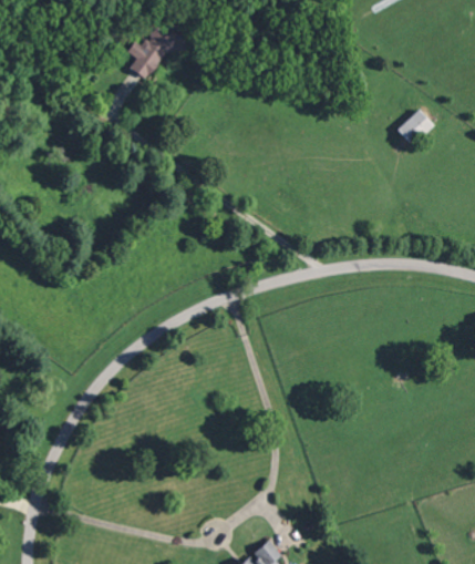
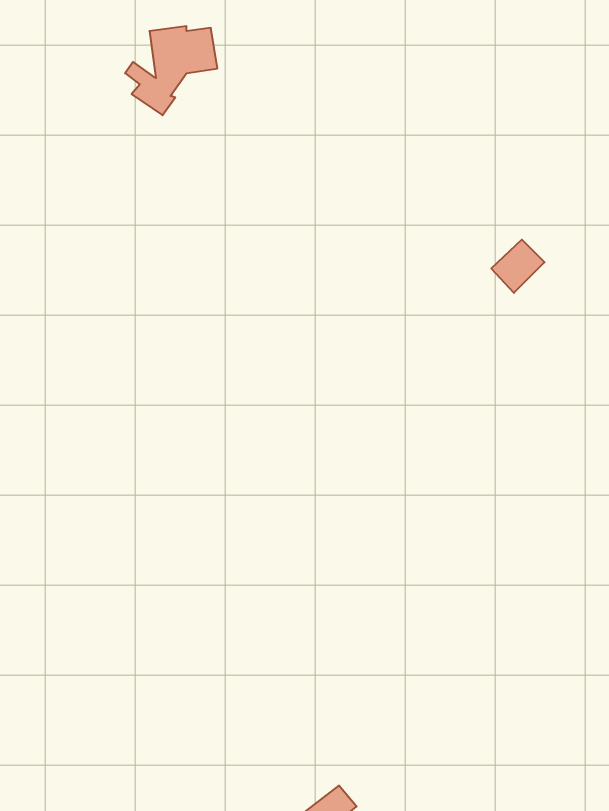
building: [396,110,433,146] -> [491,240,545,293]

